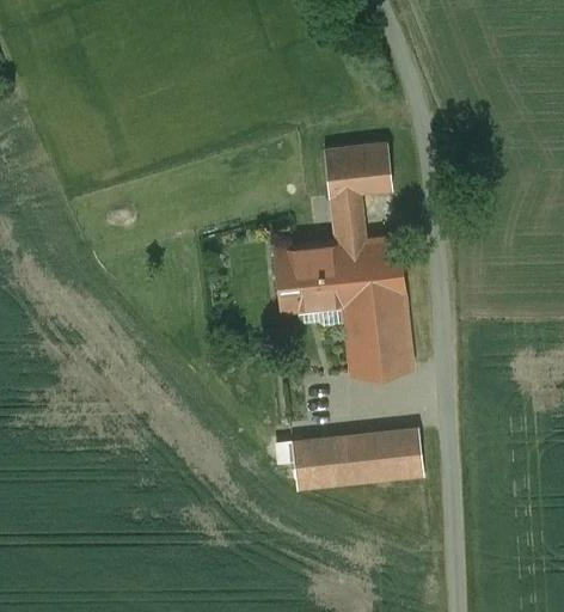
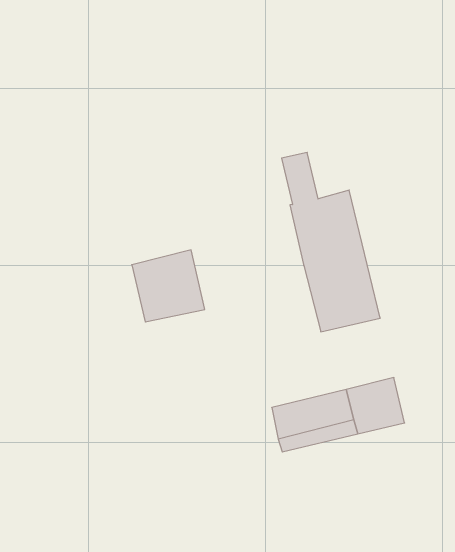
building: [324,143,392,197] -> none
building: [276,244,343,310] -> [132,250,205,322]

